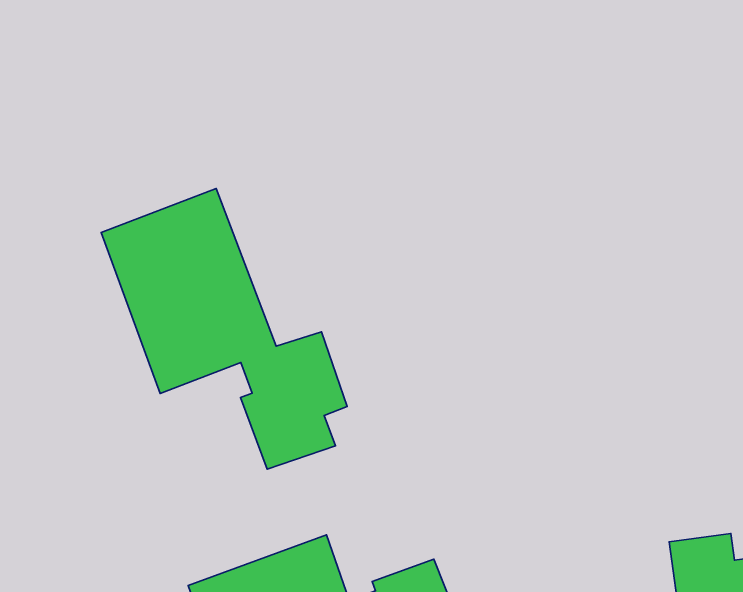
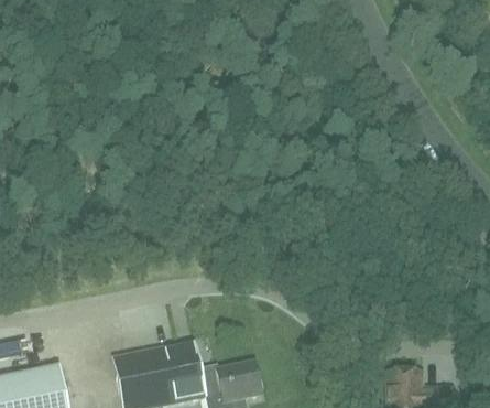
building: [101,188,347,469] -> none

